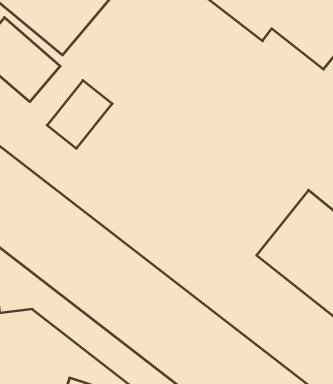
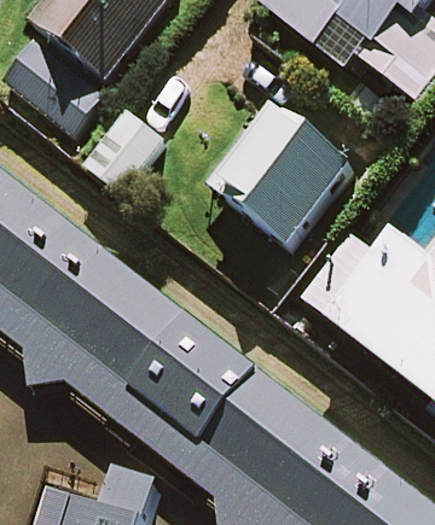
building: none -> [205,99,350,244]

